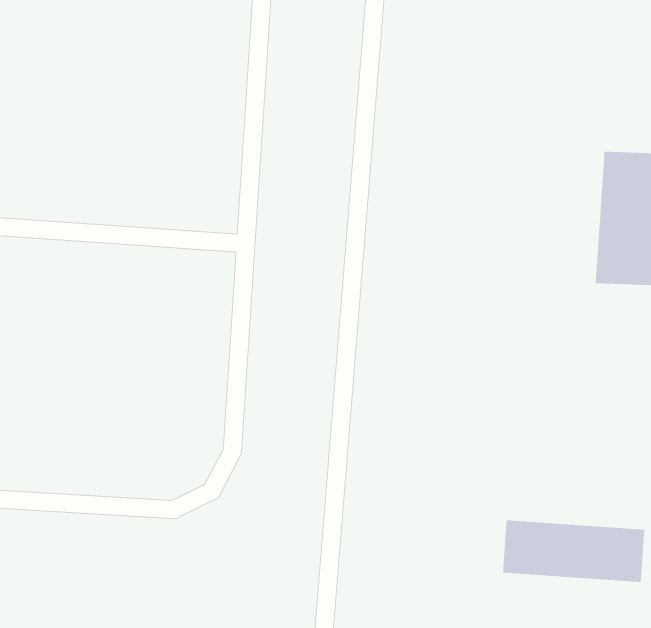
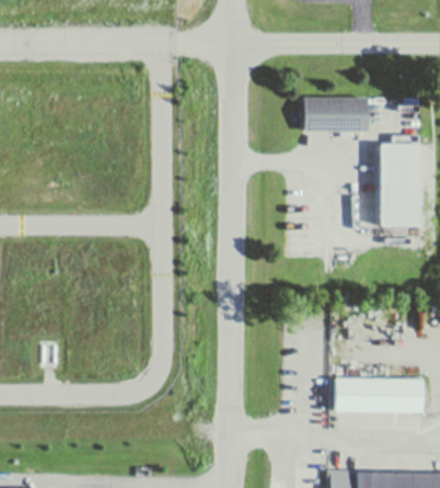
building: none -> [303,94,367,130]

